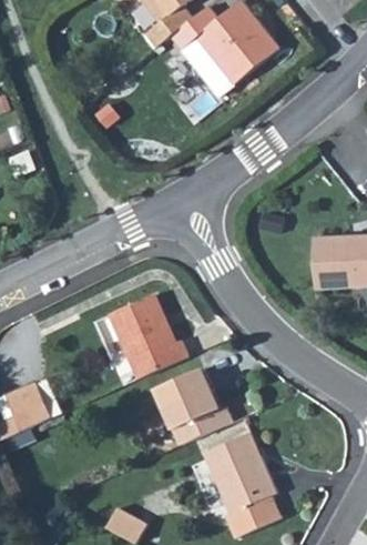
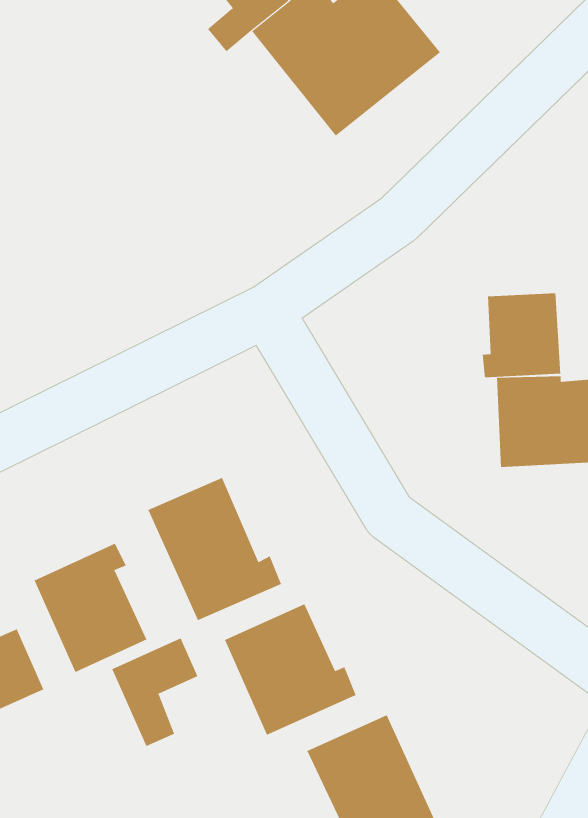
building: none -> [482,293,561,378]
building: none -> [34,543,147,673]
building: none -> [111,638,198,747]

